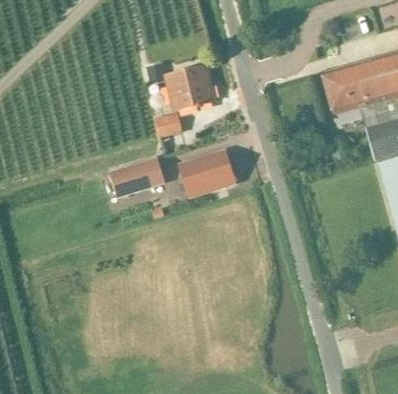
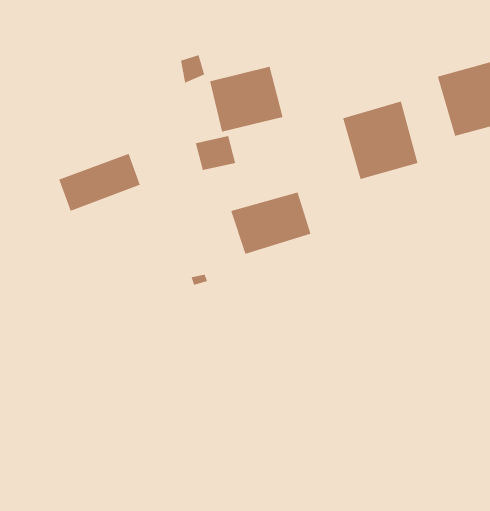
building: none -> [342,101,419,180]
building: [109,158,165,199] -> [58,153,141,212]

